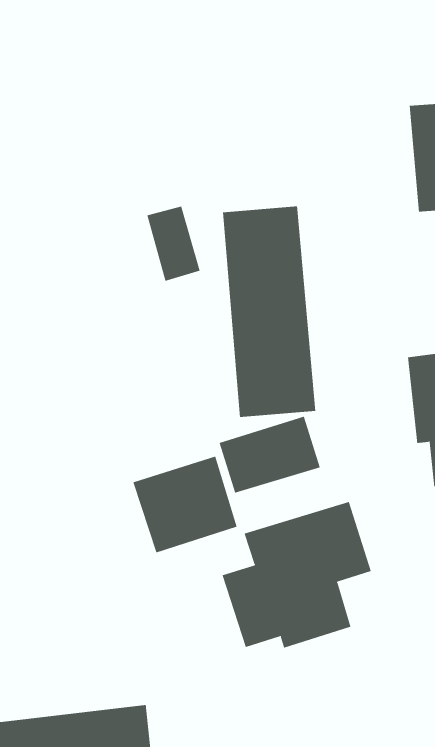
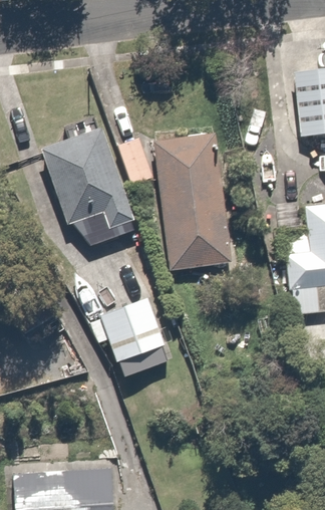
building: none -> [36,130,139,252]
building: [219,416,321,493] -> none
building: [222,501,372,648] -> none

